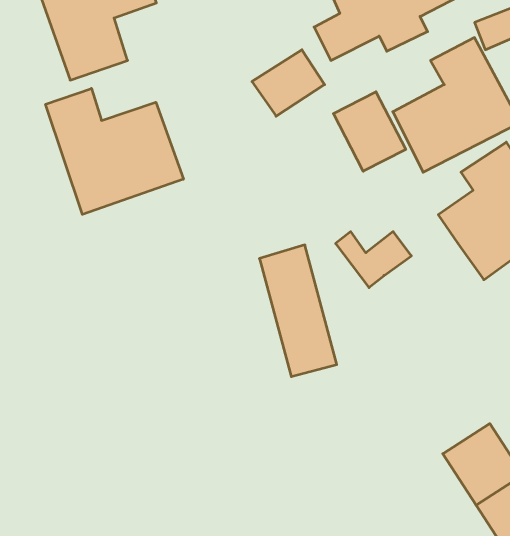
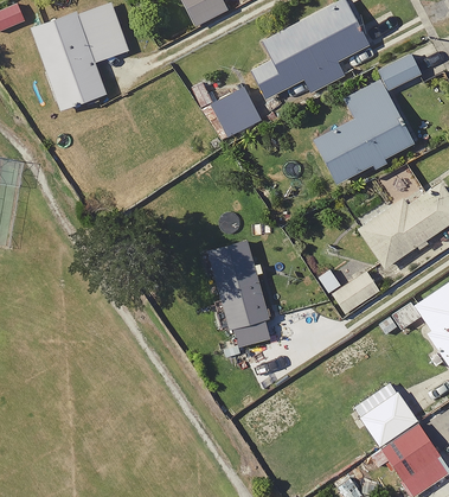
building: [46,88,183,214] -> none
building: [333,92,406,171] -> none
building: [336,232,411,288] -> [320,270,379,314]

